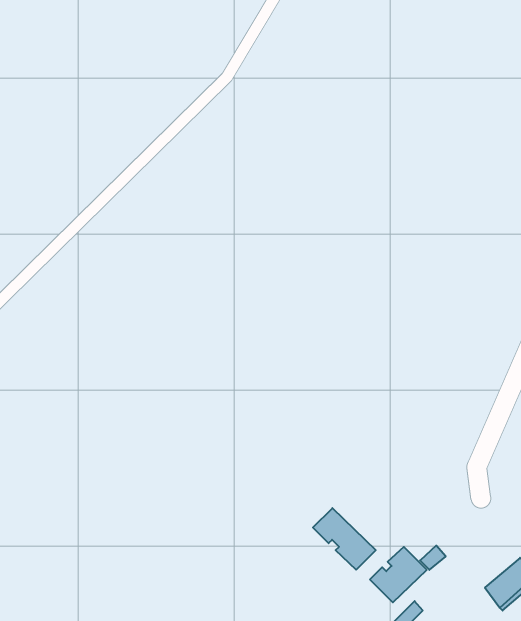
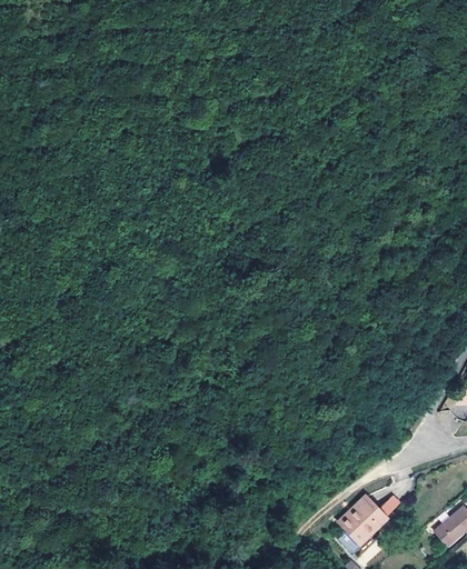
building: [313,508,376,570] -> none

